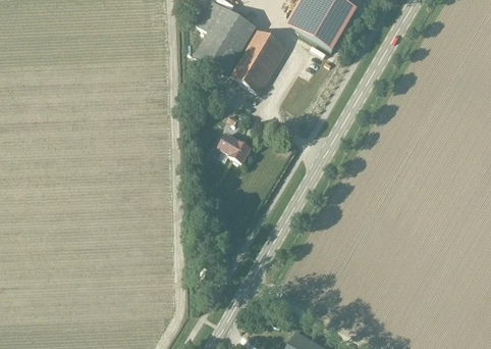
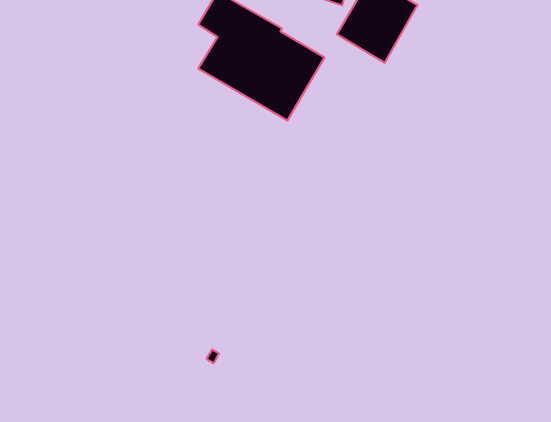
building: [222,136,251,162] -> none

